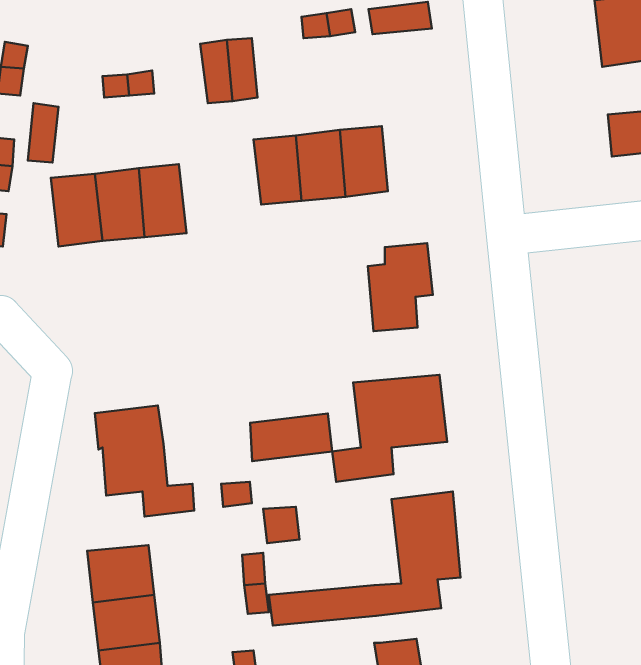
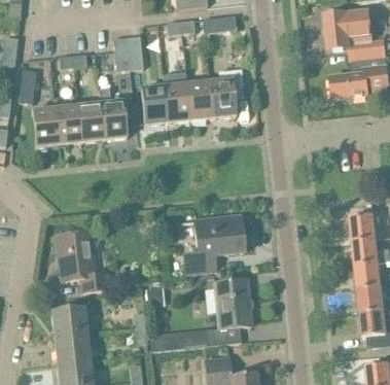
building: none -> [99,87,127,139]
building: [368,243,433,331] -> [209,69,244,116]
building: [250,413,332,461] -> none

